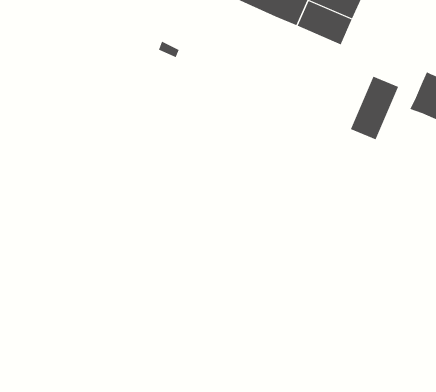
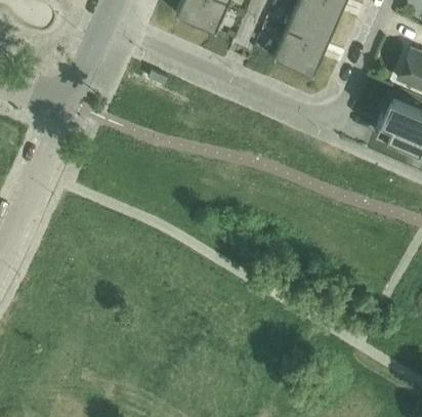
building: [350,76,399,140] -> none

